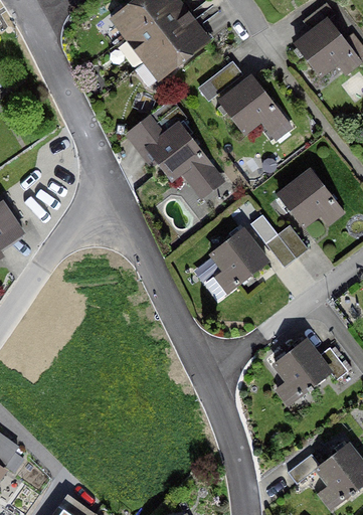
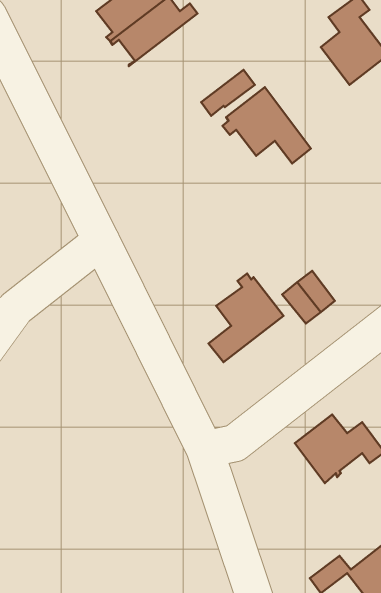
building: [141,18,204,77] -> none
building: [147,100,214,187] -> none
building: [279,171,334,226] -> none

